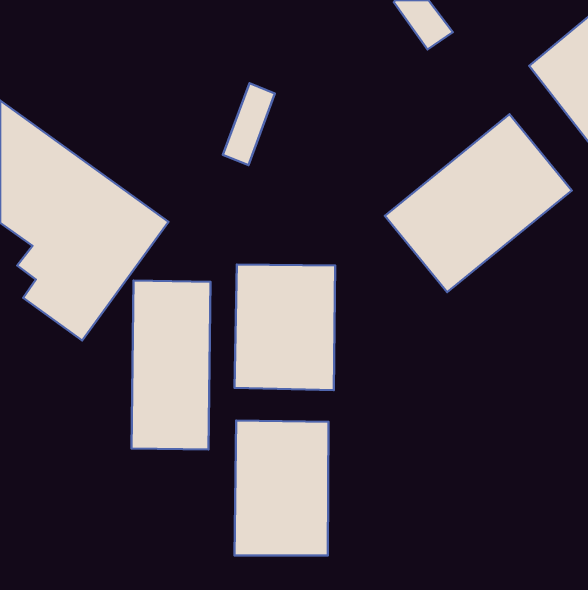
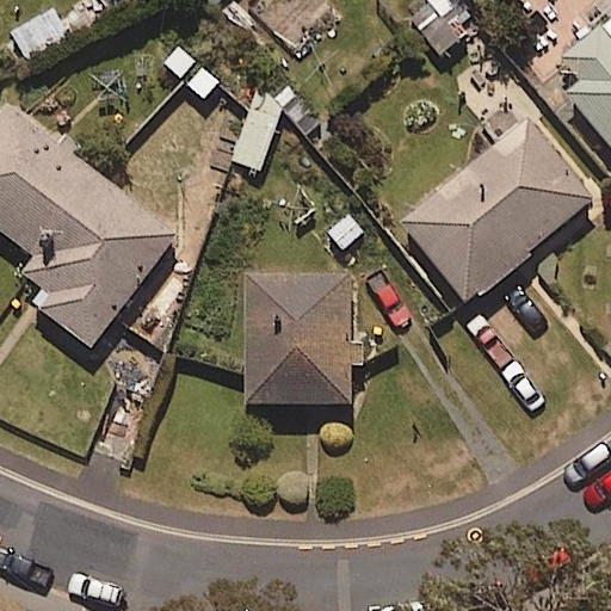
building: [131,281,210,450] -> none
building: [234,421,328,556] -> none

